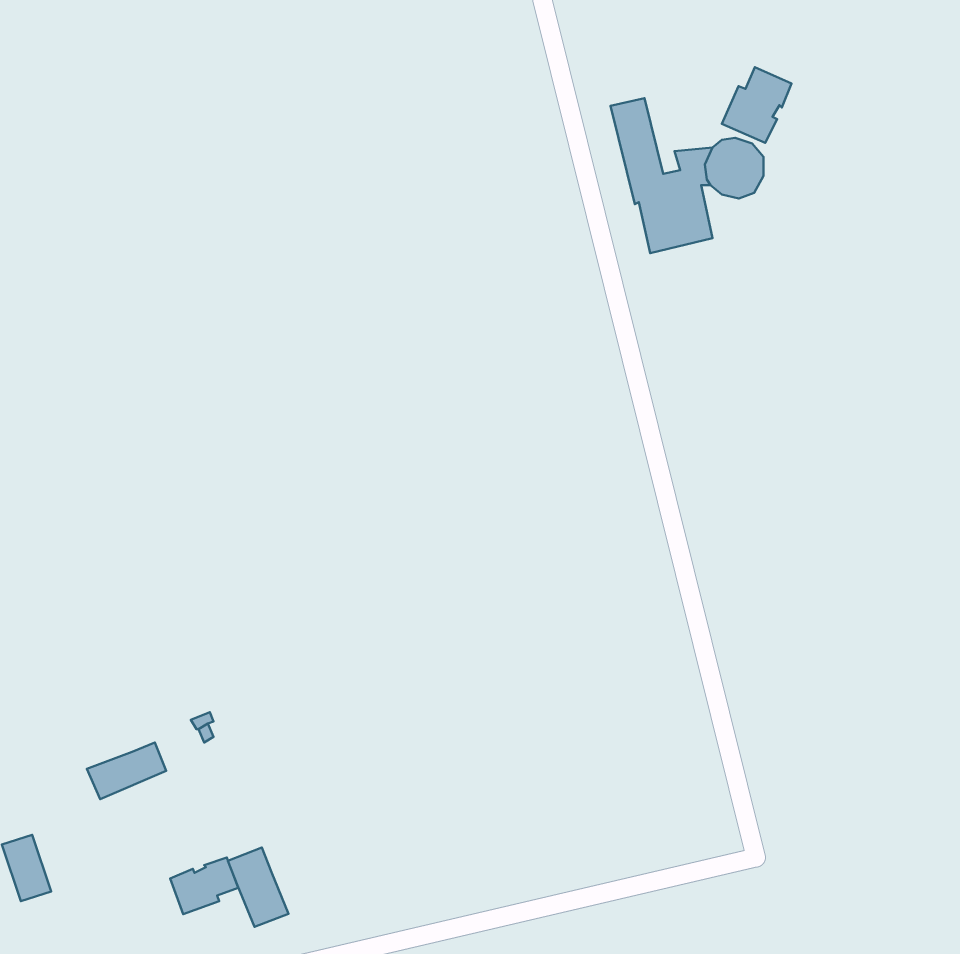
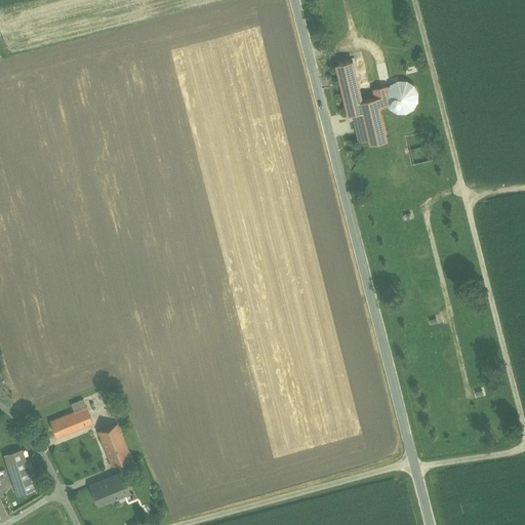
building: [722,67,791,143] -> none
building: [228,848,288,927] -> [95,423,128,467]

